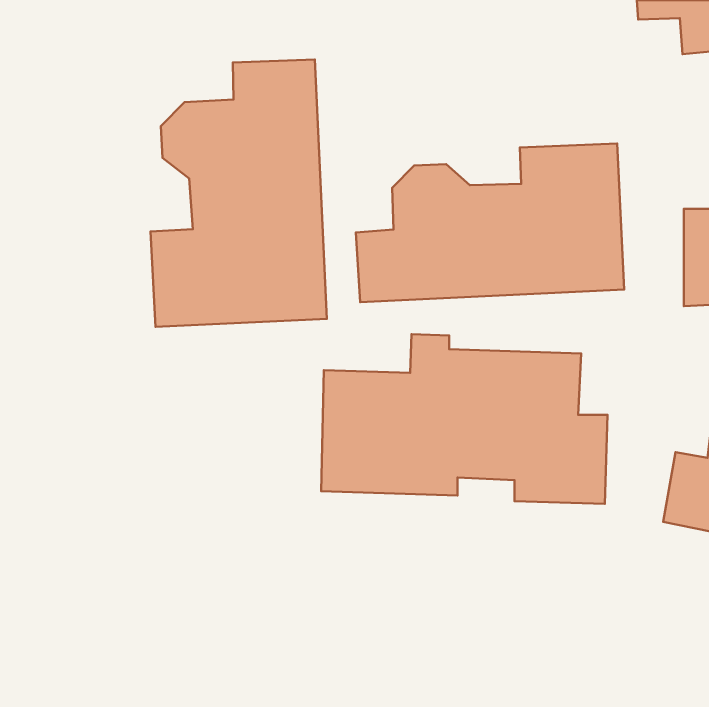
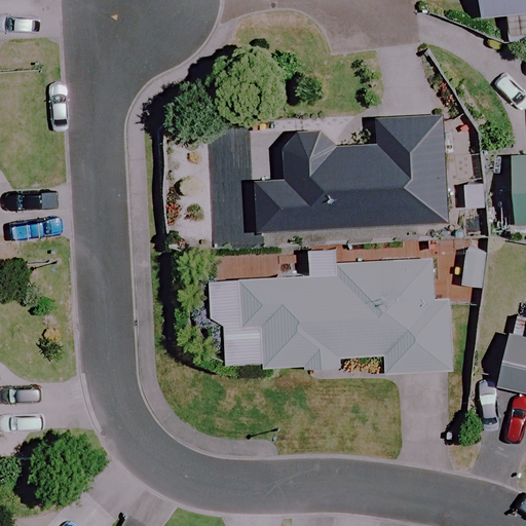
building: [150,59,327,327] -> none

